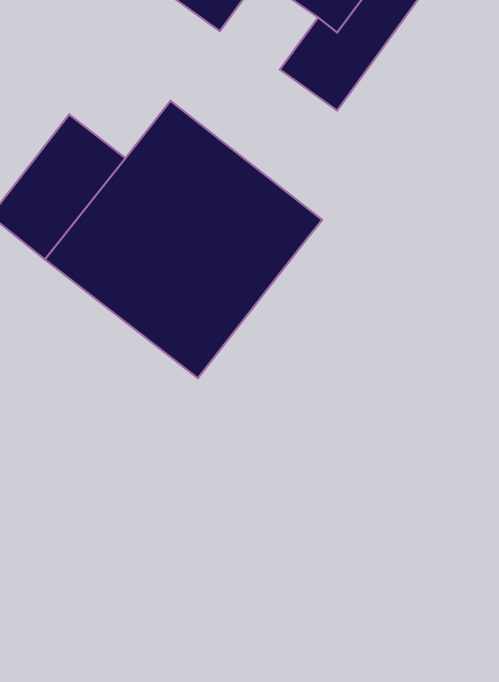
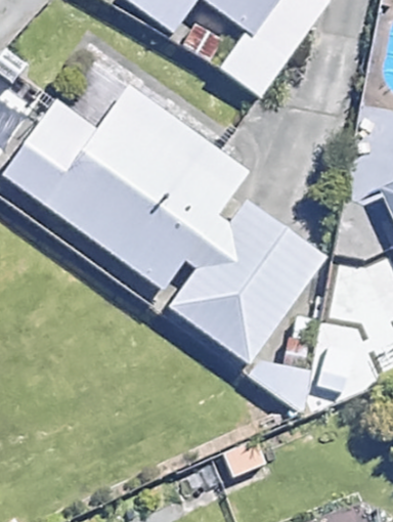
building: none -> [151,186,323,361]

